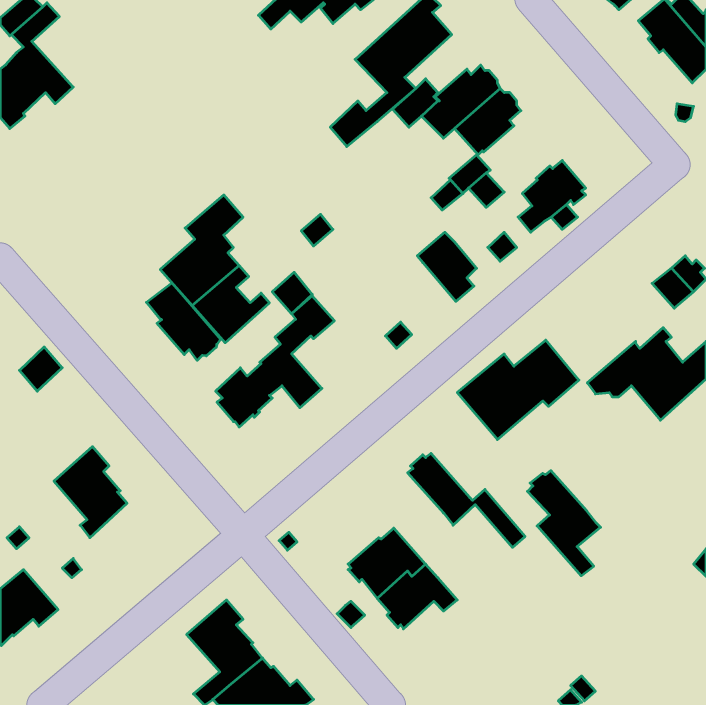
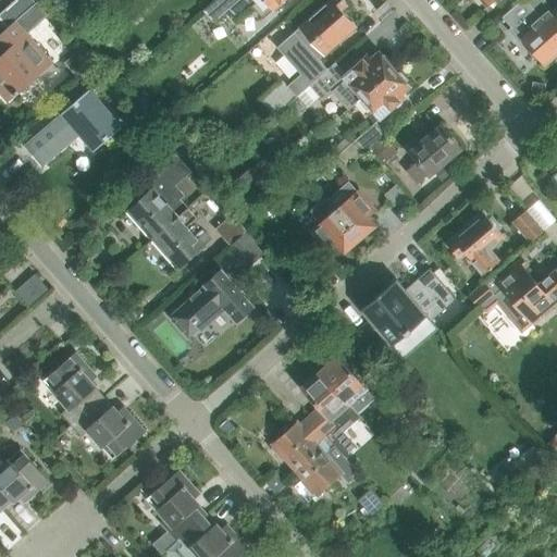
building: none -> [23,73,122,168]
building: none -> [311,200,359,250]
building: none -> [448,214,504,275]
building: [146,283,220,360] -> none
building: [527,471,601,576] -> [302,372,360,455]
building: none -> [66,396,144,458]

